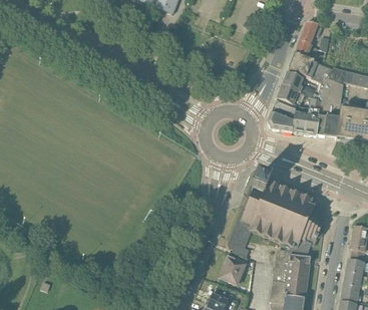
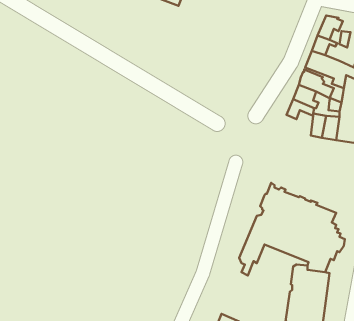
building: [267,108,295,131] -> none
building: [220,255,248,284] -> none

